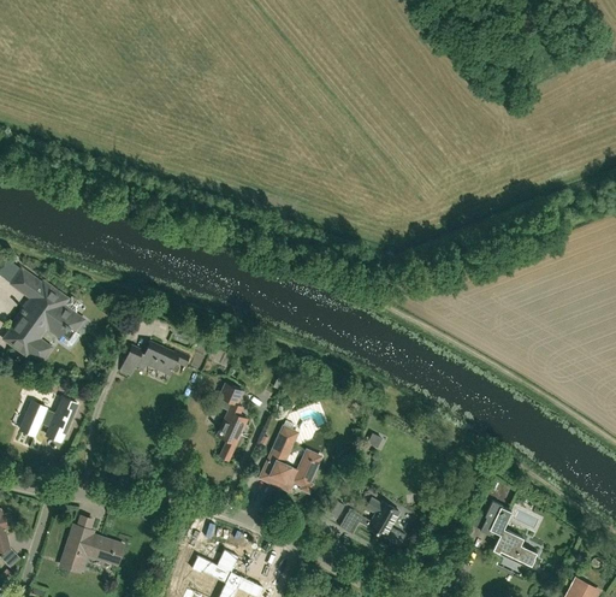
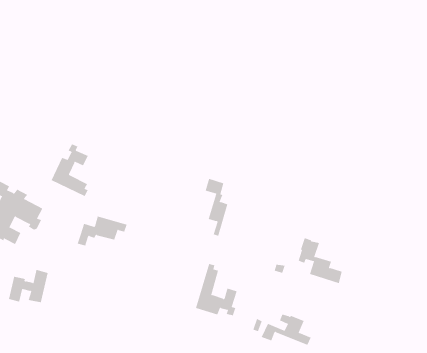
building: none -> [51,143,89,197]
building: [217,383,245,460] -> [205,178,228,236]
building: [480,502,535,568] -> [298,238,342,284]

